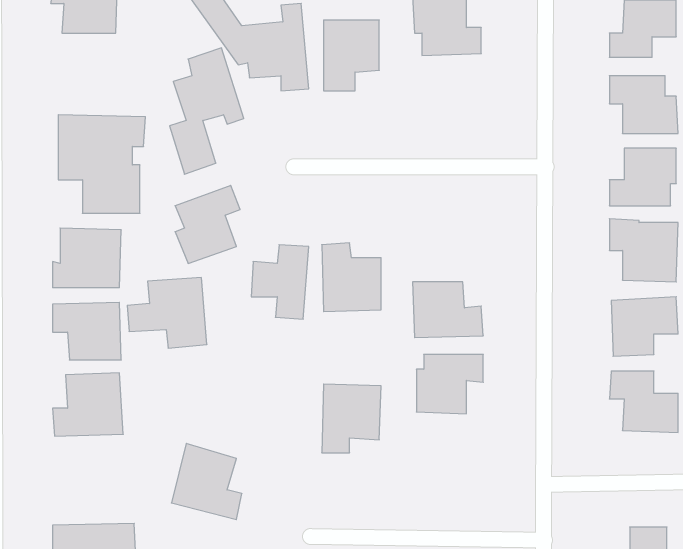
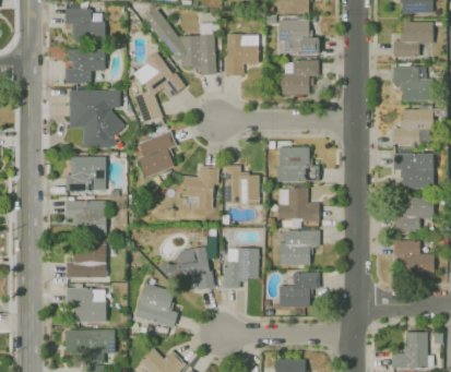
building: none -> [64,48,105,83]
building: none -> [282,60,319,94]
building: none -> [277,146,318,181]
building: [127,278,207,348] -> [164,248,211,289]
building: none -> [278,273,319,307]
building: none -> [66,288,105,322]

